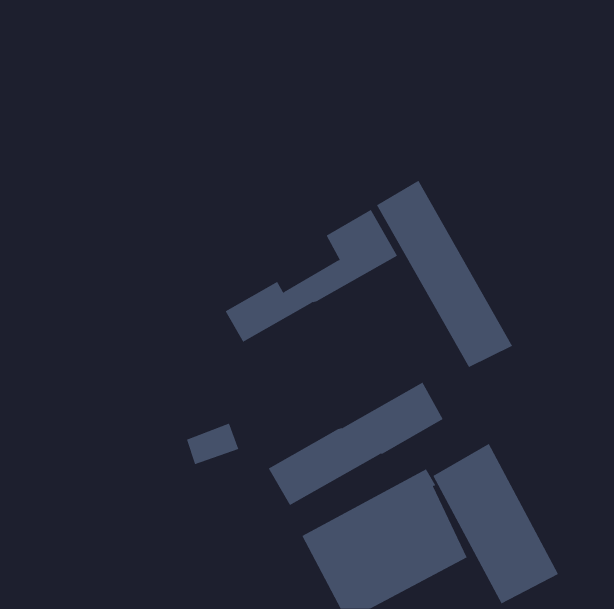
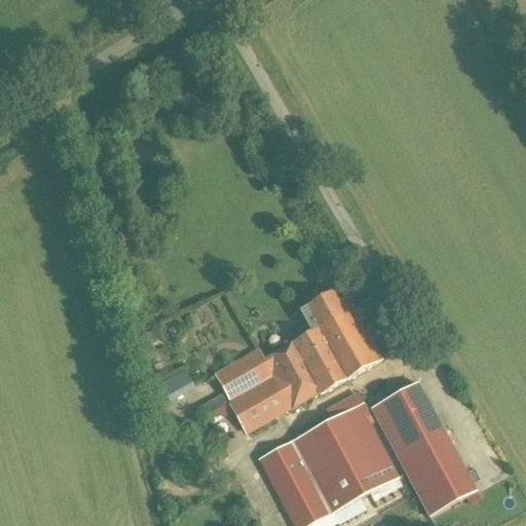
building: [376,180,513,368] -> none
building: [225,209,398,342] -> [214,287,362,401]

